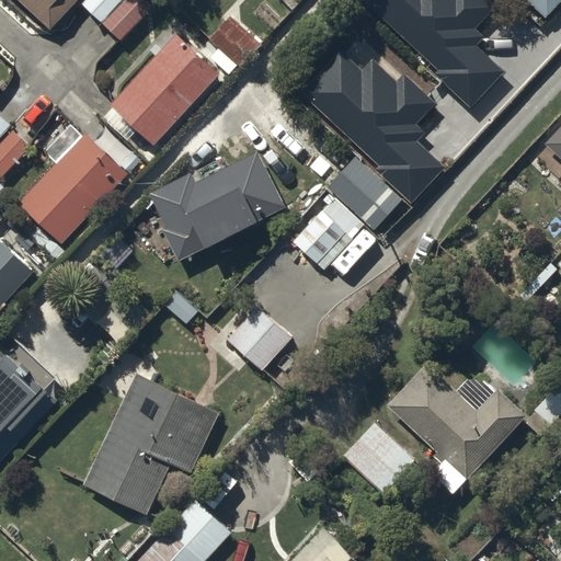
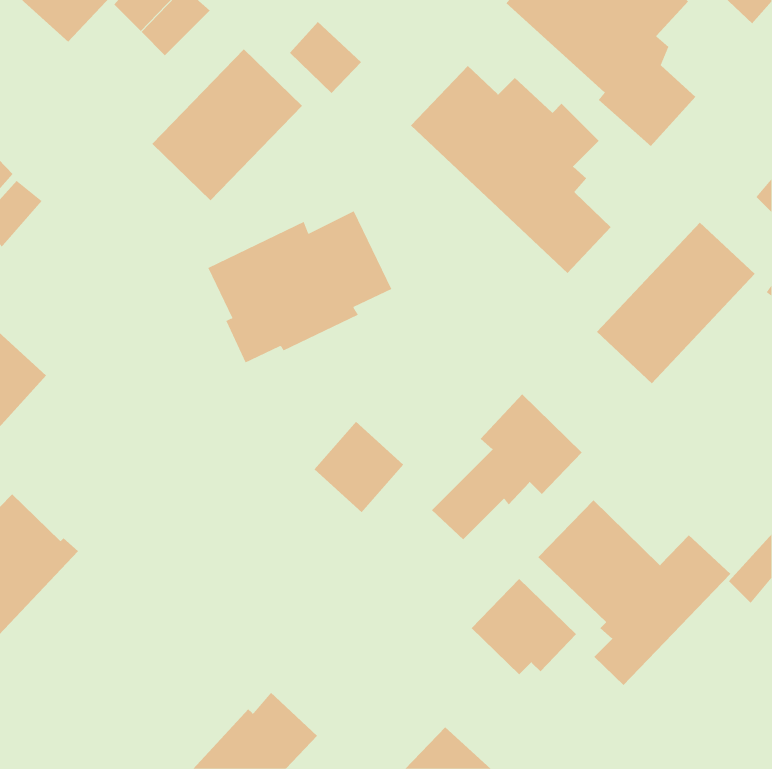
building: [20,130,127,243] -> none
building: [293,157,402,263] -> [431,393,583,540]
building: none -> [596,222,755,384]
building: [83,374,219,514] -> none

